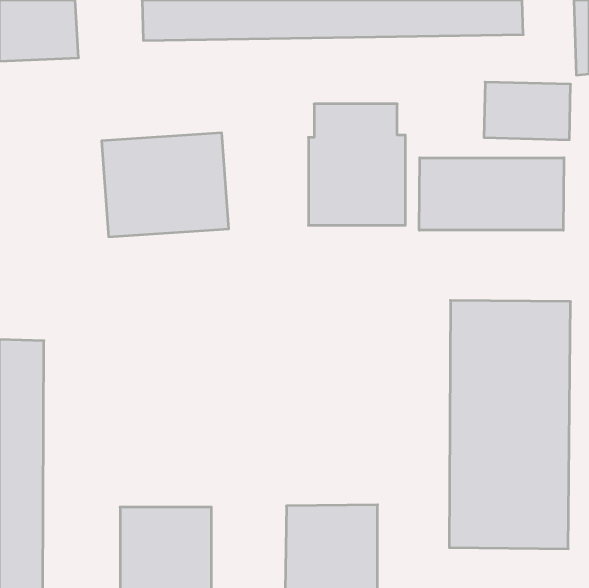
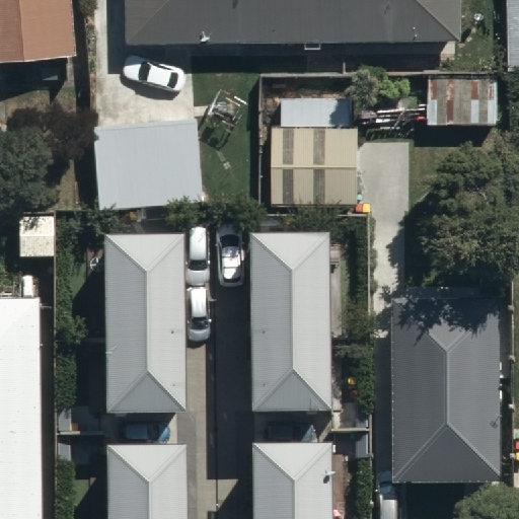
building: [419,158,564,230] -> none
building: none -> [251,234,332,414]
building: none -> [103,236,184,416]

